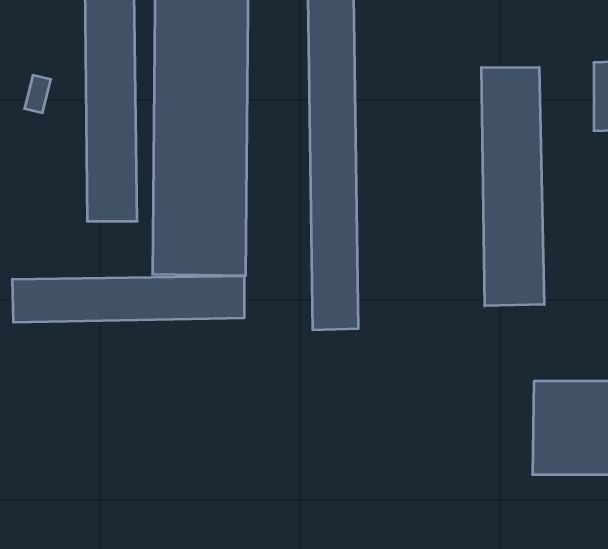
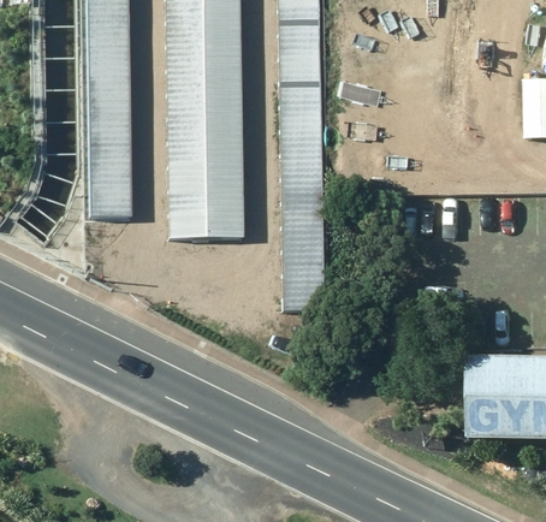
building: [481,67,544,306] -> none
building: [12,276,244,322] -> none

